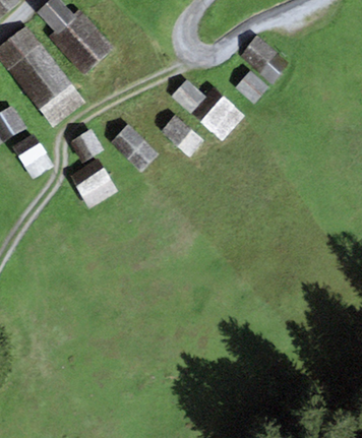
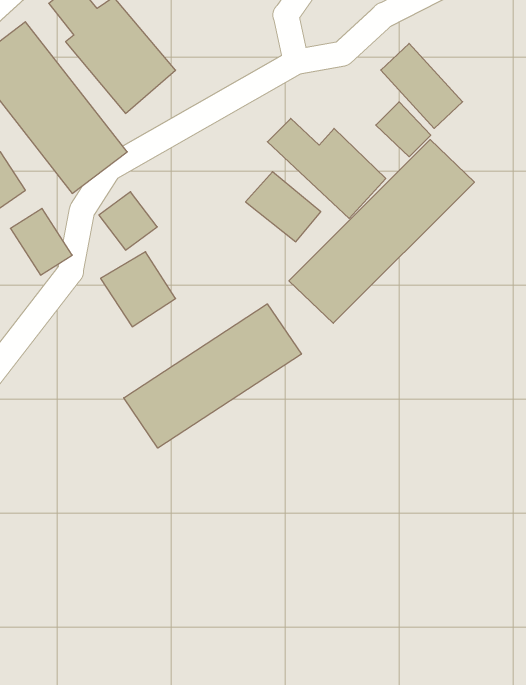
building: none -> [289,140,474,323]
building: [110,123,158,172] -> none
building: none -> [124,304,301,448]

